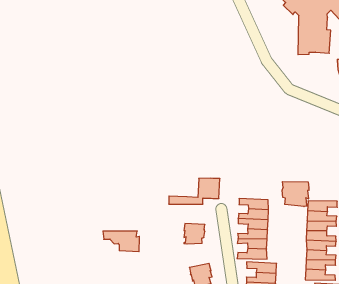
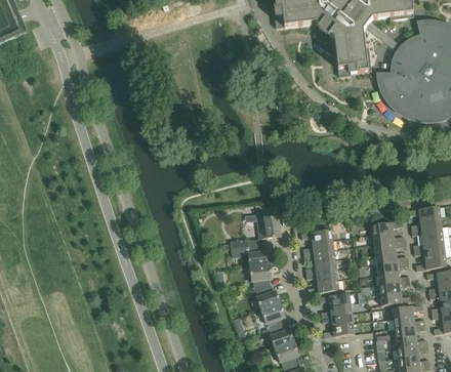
building: [282,182,309,207] -> none
building: [103,231,139,252] -> [231,244,271,266]
building: none -> [255,284,281,311]

